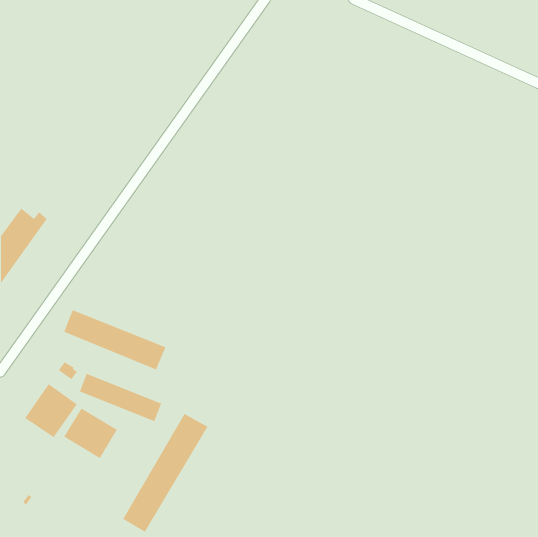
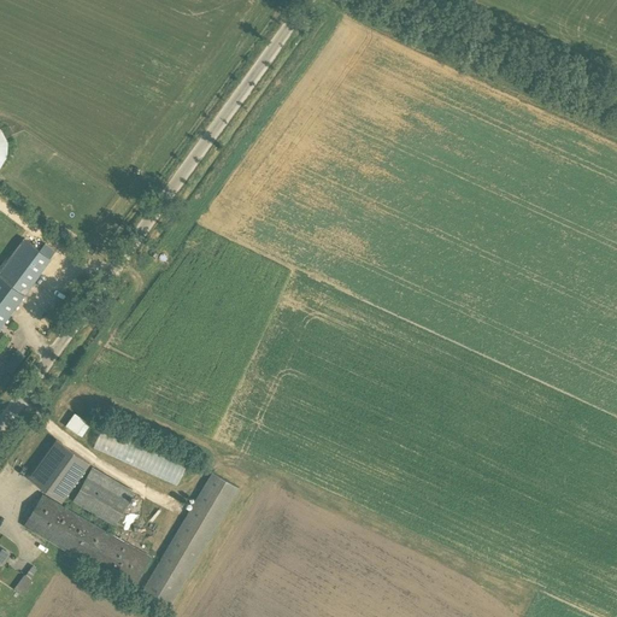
building: [63,309,167,370] -> none
building: none -> [24,494,151,588]

